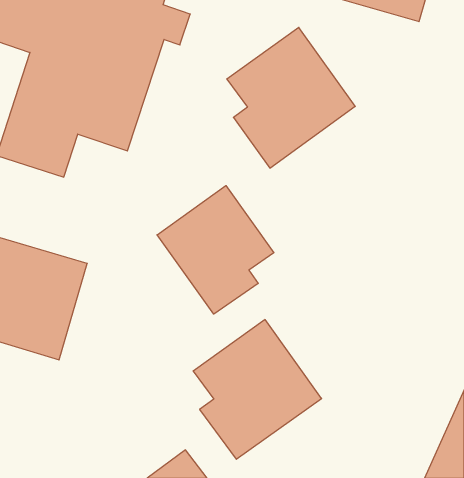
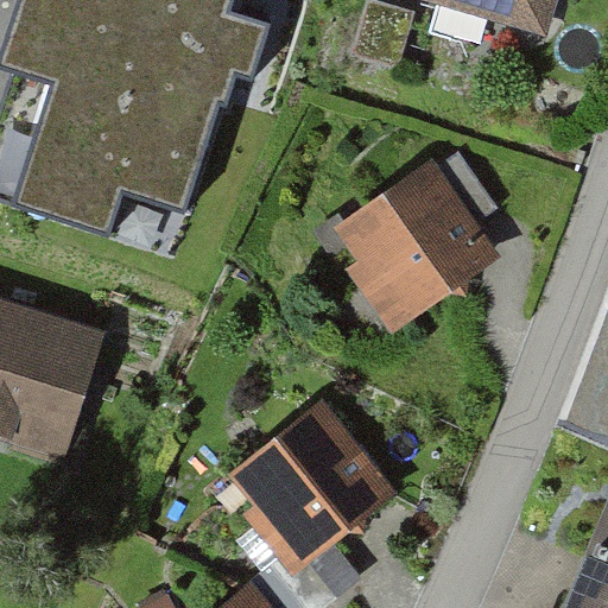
building: [227,27,355,168] -> [344,165,507,343]
building: [157,186,274,314] -> none

